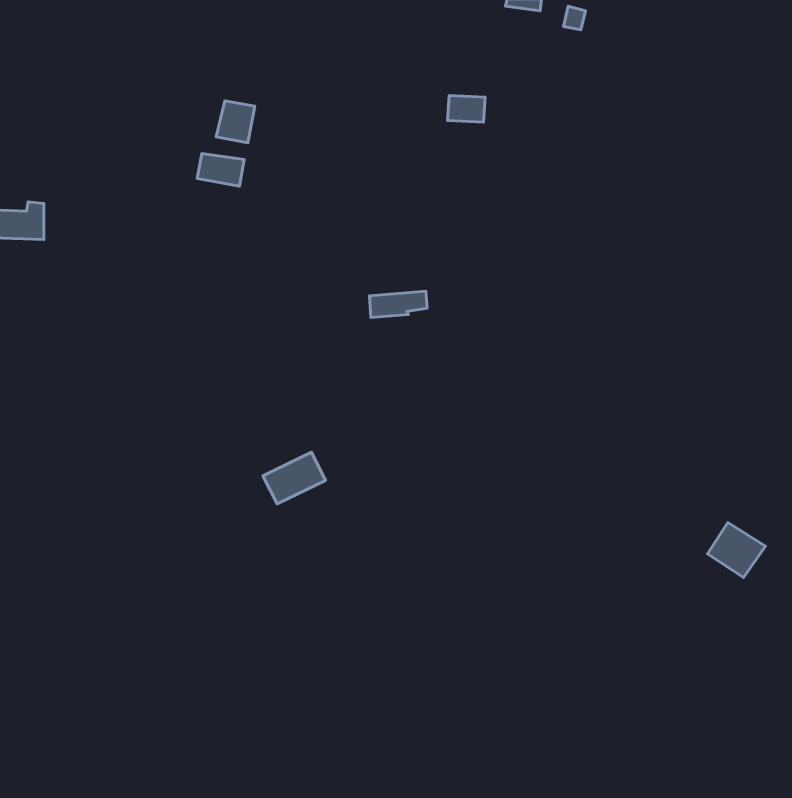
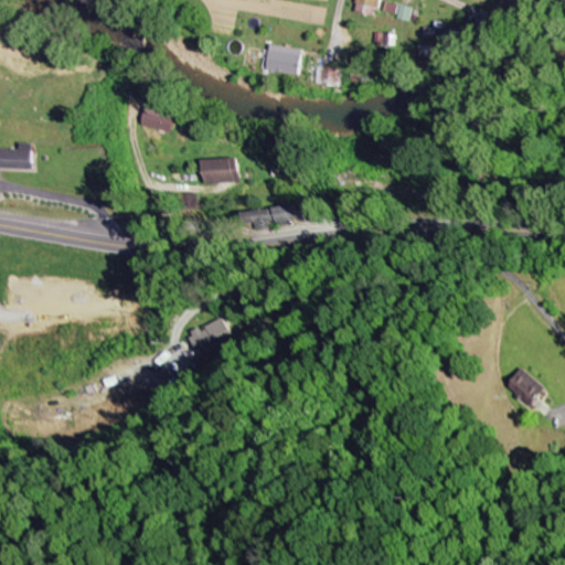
building: none -> [266,45,302,76]
building: [216,101,255,143] -> none
building: none -> [199,158,236,184]

